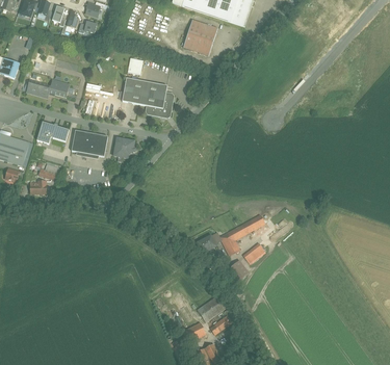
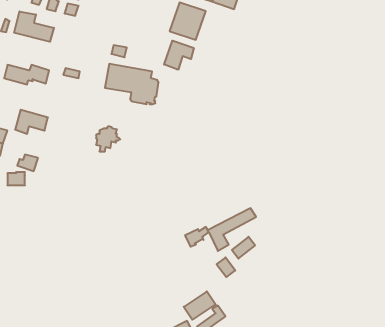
building: none -> [14,11,54,42]
building: none -> [164,41,194,70]
building: [71,130,107,156] -> none

